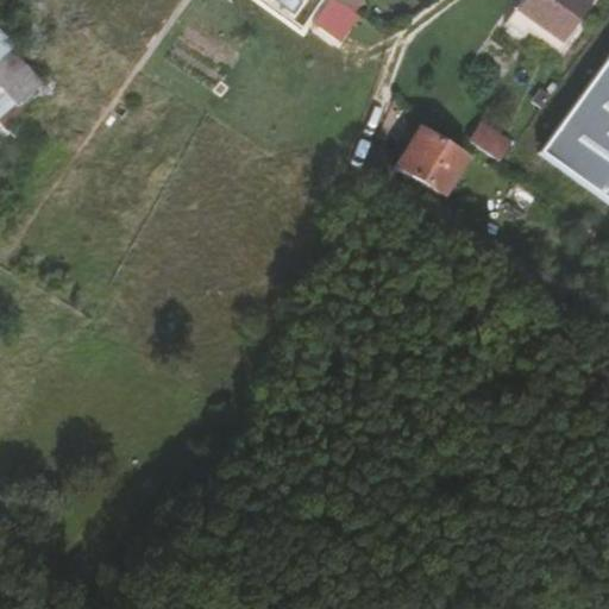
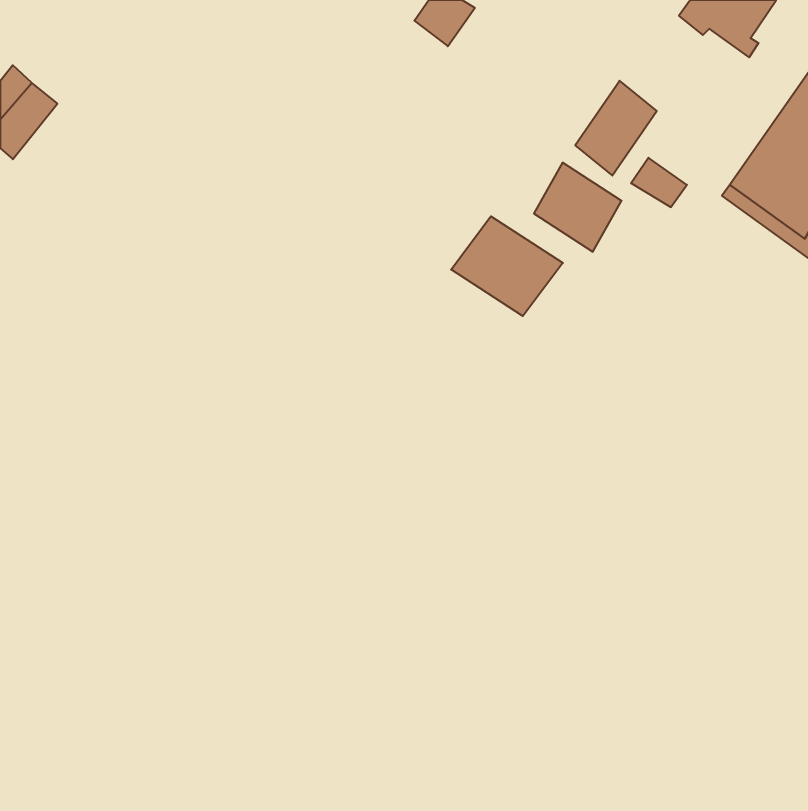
building: none -> [575,81,657,176]
building: none -> [451,216,563,316]

